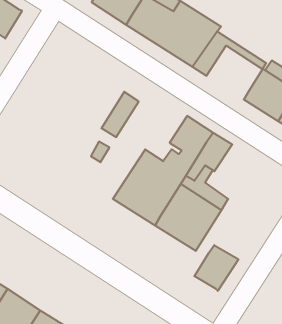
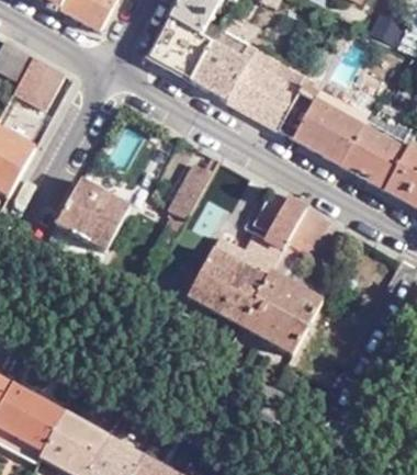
building: none -> [293,100,361,165]
building: none -> [56,179,129,250]
building: [194,245,238,291] -> none

